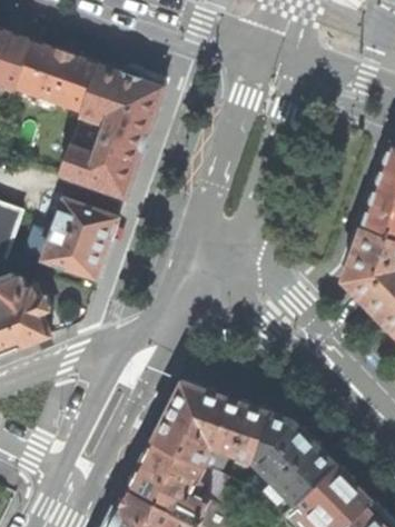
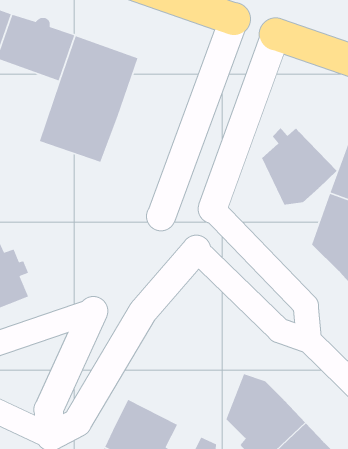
building: none -> [261,127,338,206]
building: [41,198,116,277] -> none
building: [150,380,270,471] -> none

